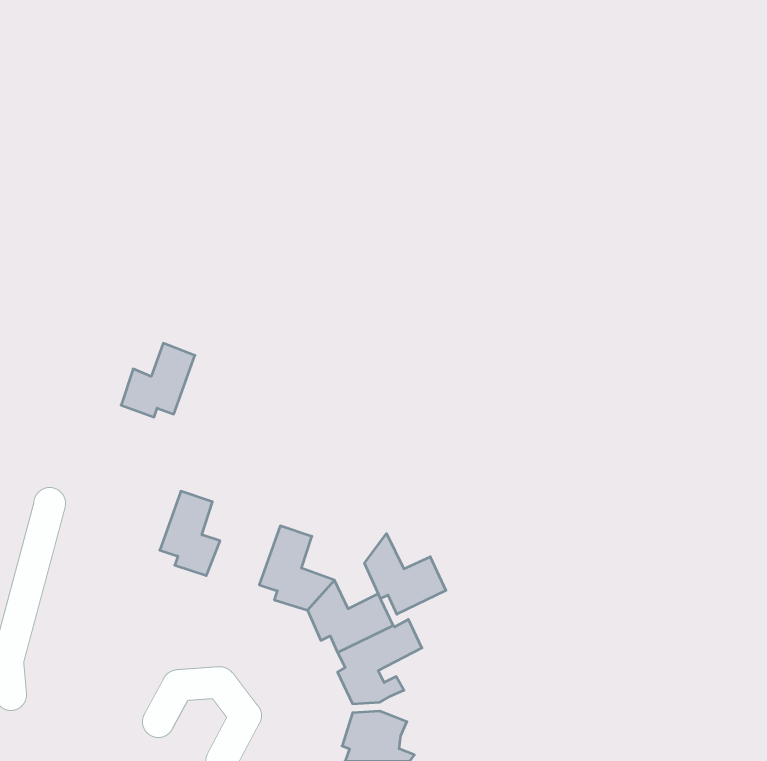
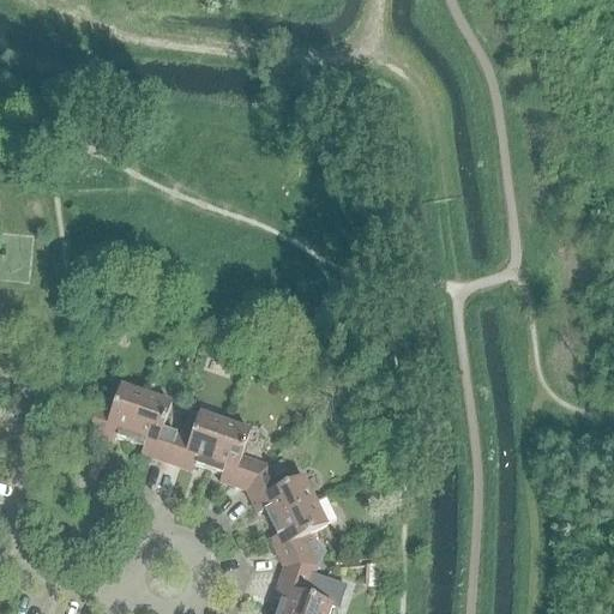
building: [121,343,195,417] -> [88,381,146,440]
building: none -> [167,409,225,468]
building: [365,534,446,614] -> none

